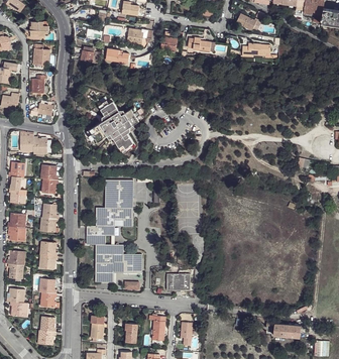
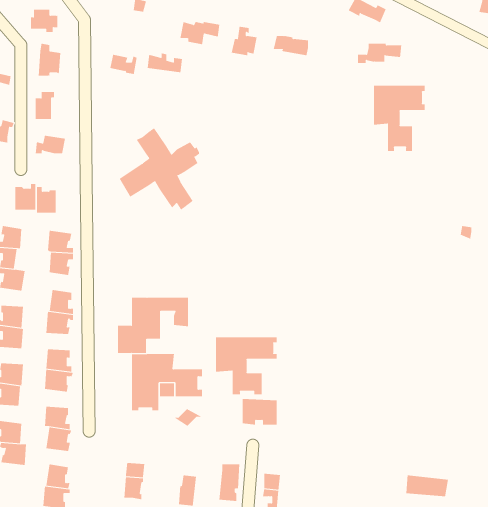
building: none -> [373,85,425,152]
building: [105,180,132,208] -> none
building: none -> [215,337,277,395]

